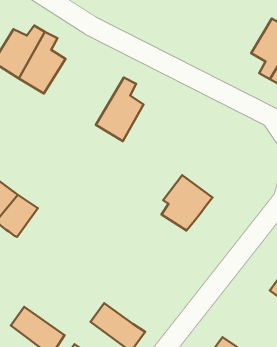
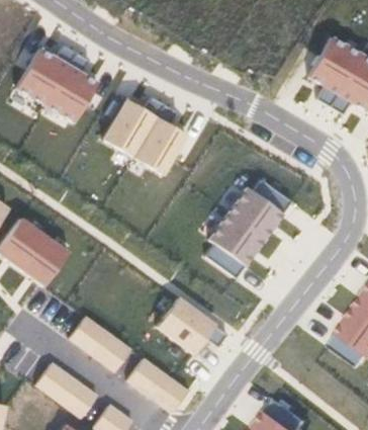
building: none -> [101,97,164,158]
building: none -> [229,182,292,240]
building: none -> [158,298,227,353]
building: none -> [70,317,130,371]

